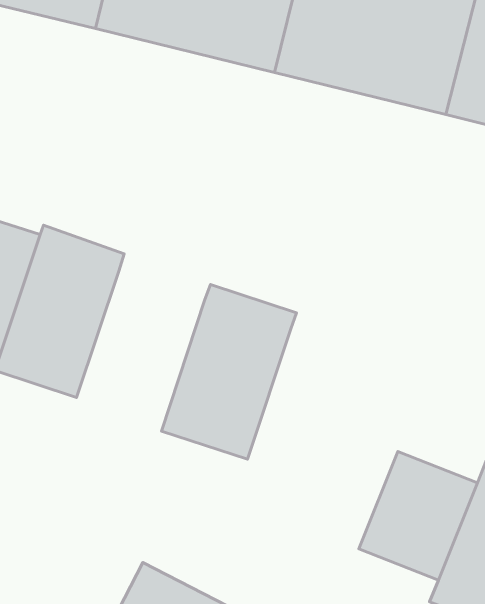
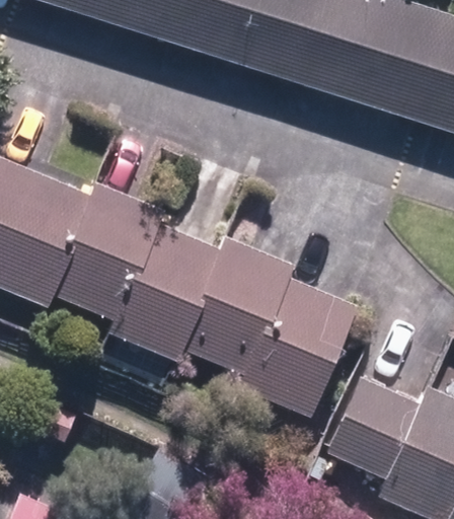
building: none -> [109,224,220,360]
building: none -> [239,278,355,418]

